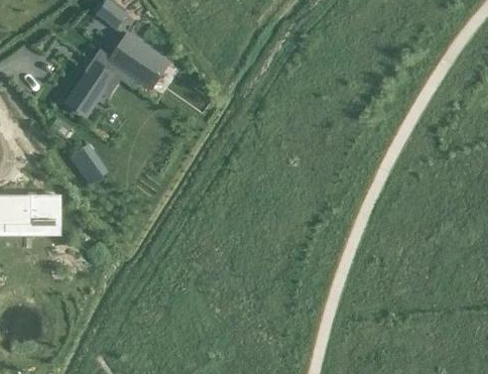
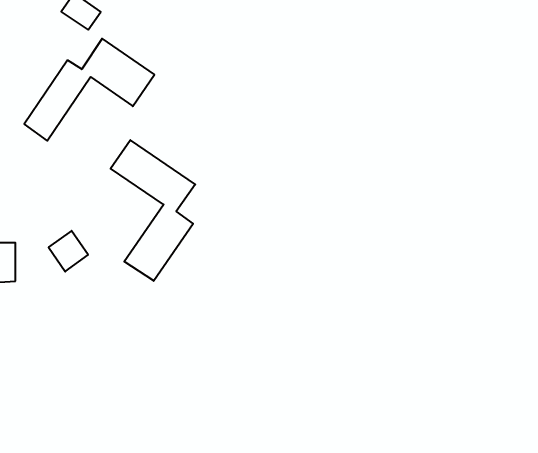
building: none -> [111,140,195,281]
building: [70,144,101,176] -> [49,231,88,272]

